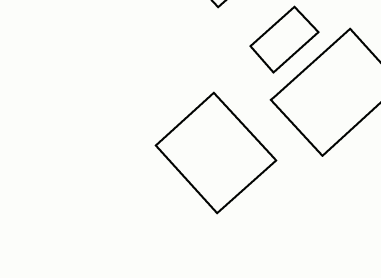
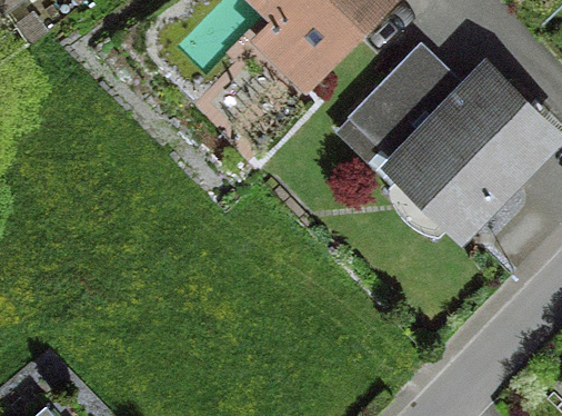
building: [156,93,276,213] -> none

